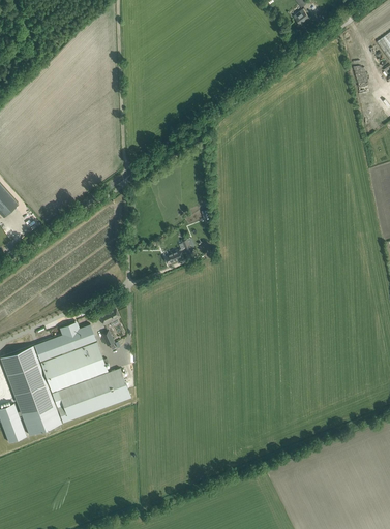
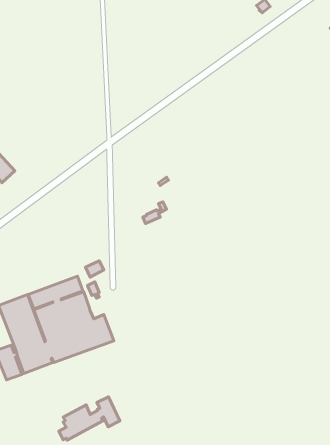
building: none -> [59,397,120,440]

